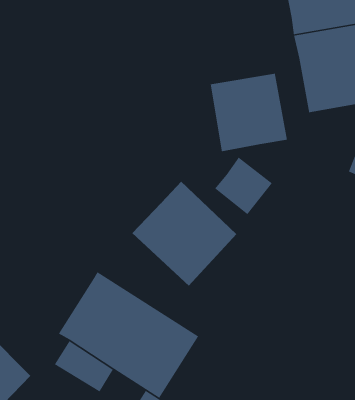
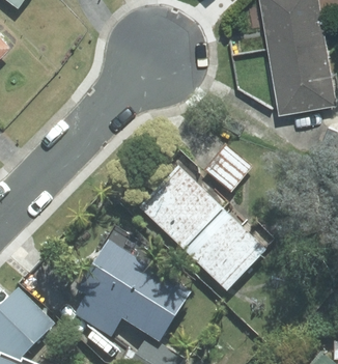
building: [210,73,288,152] -> none
building: none -> [181,208,264,291]

